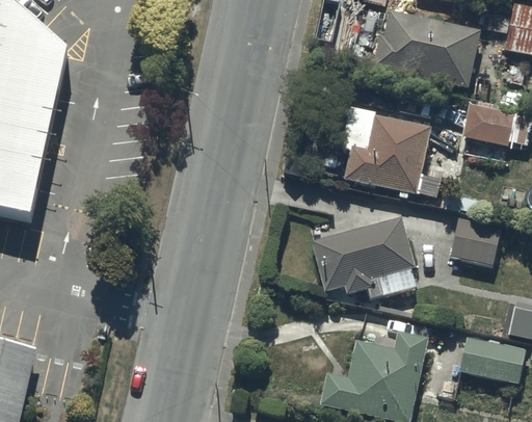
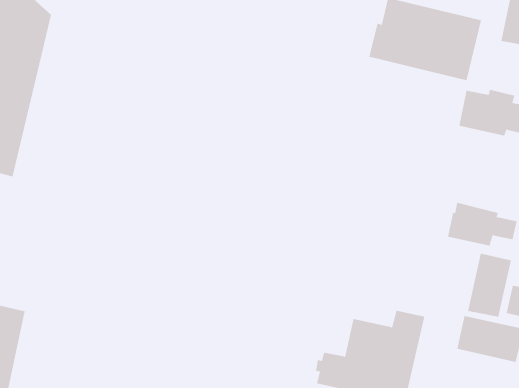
building: [345,121,430,203] -> none
building: [312,215,417,298] -> none
building: none -> [467,253,511,318]

